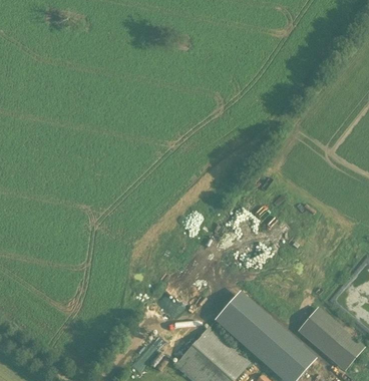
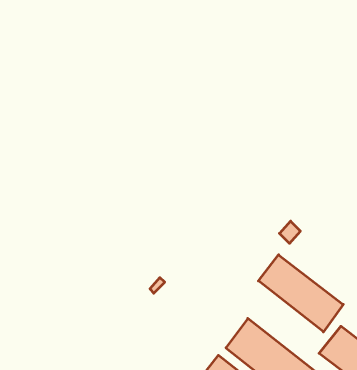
building: none -> [258,255,343,332]

